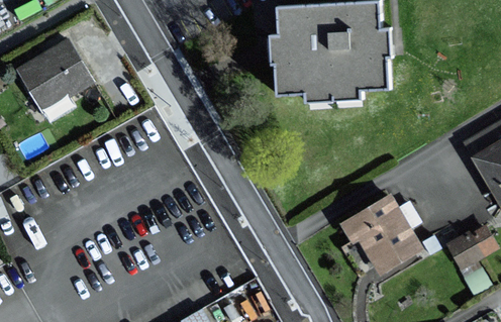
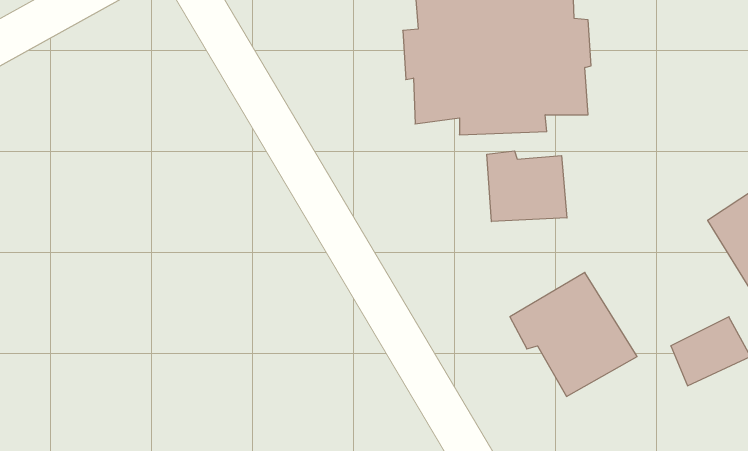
building: [18,39,91,108] -> none
building: none -> [487,151,567,222]

